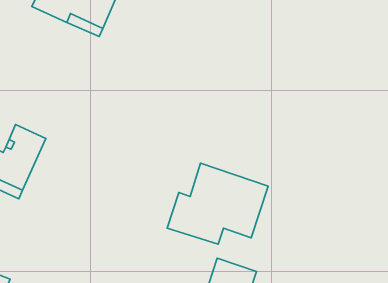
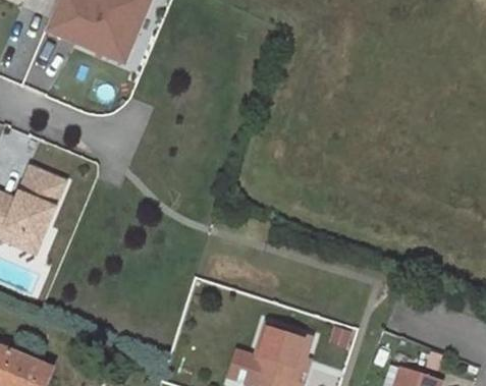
building: [167,163,268,244] -> none

